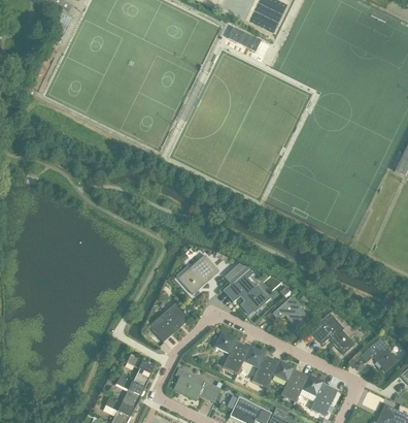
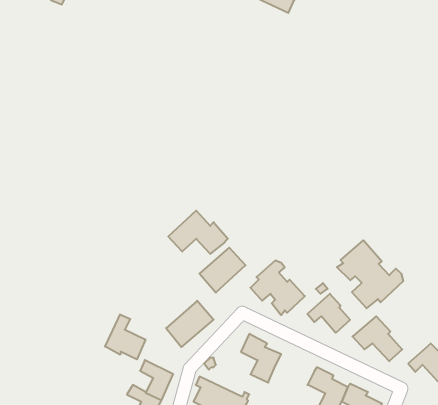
building: none -> [168,211,228,254]
building: none -> [337,240,403,308]
building: none -> [105,314,145,359]
building: [243,345,278,387] -> none

